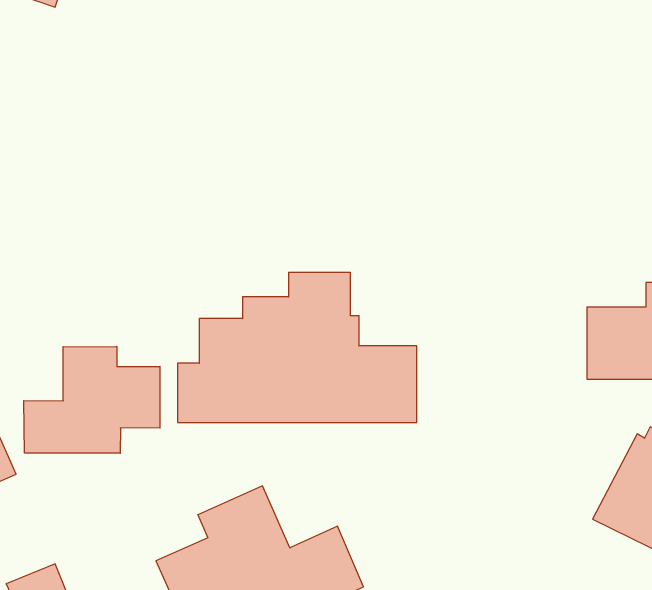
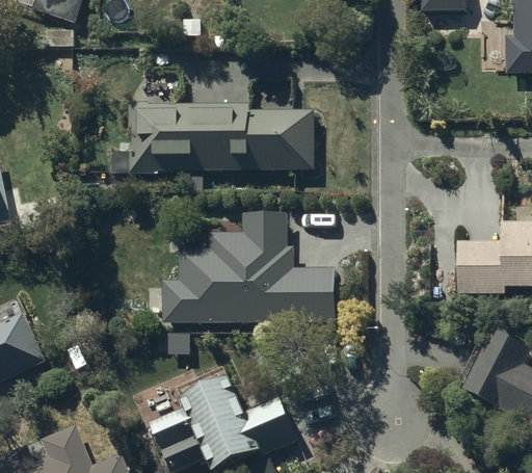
building: none -> [112,100,314,173]
building: [24,346,160,453] -> none

